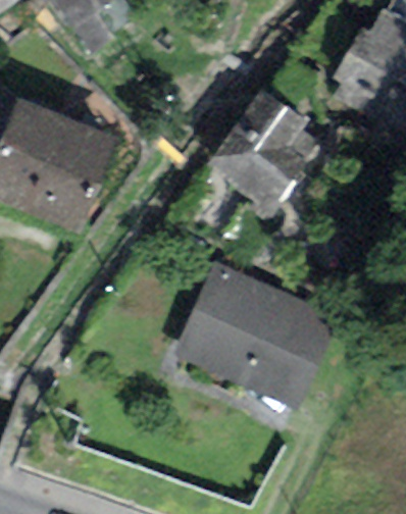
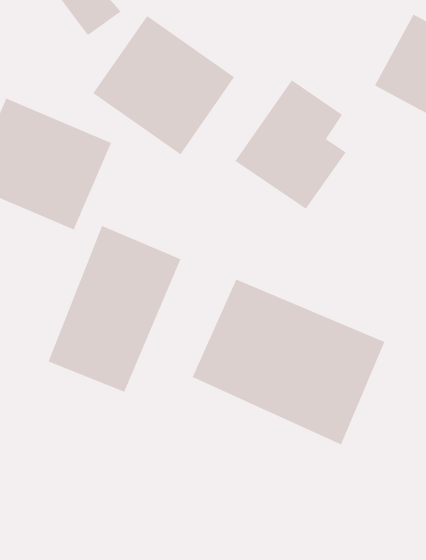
building: none -> [93,15,235,155]
building: none -> [48,225,181,392]

